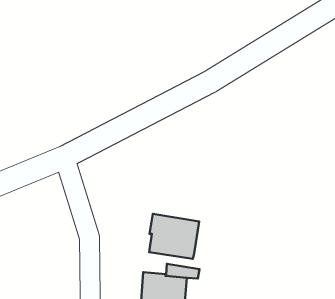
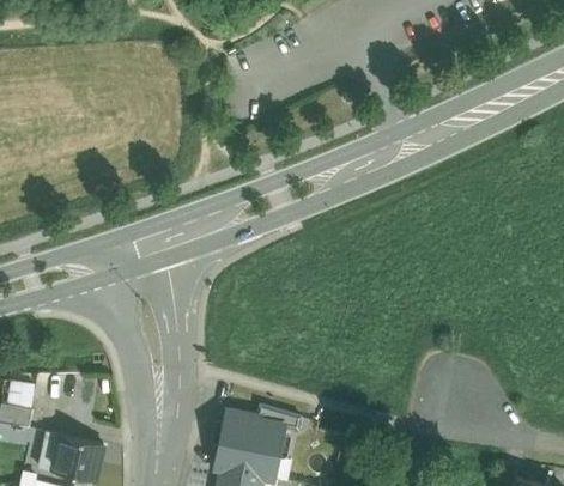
building: [149,214,199,259] -> none

